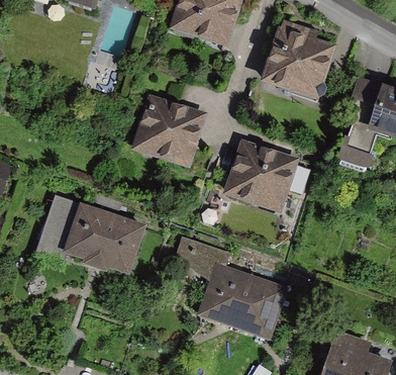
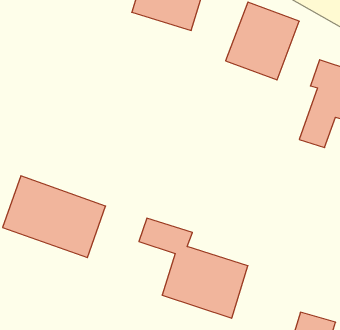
building: [132,95,204,169] -> none
building: [224,136,296,211] -> none

